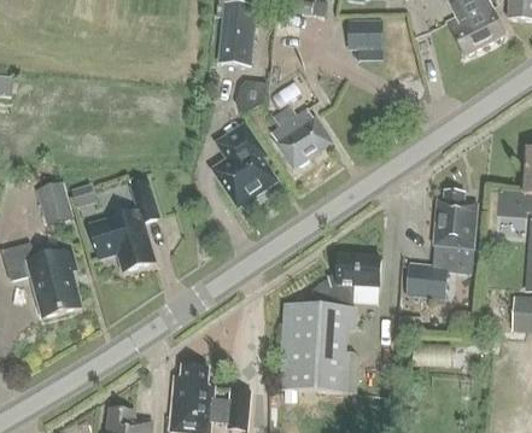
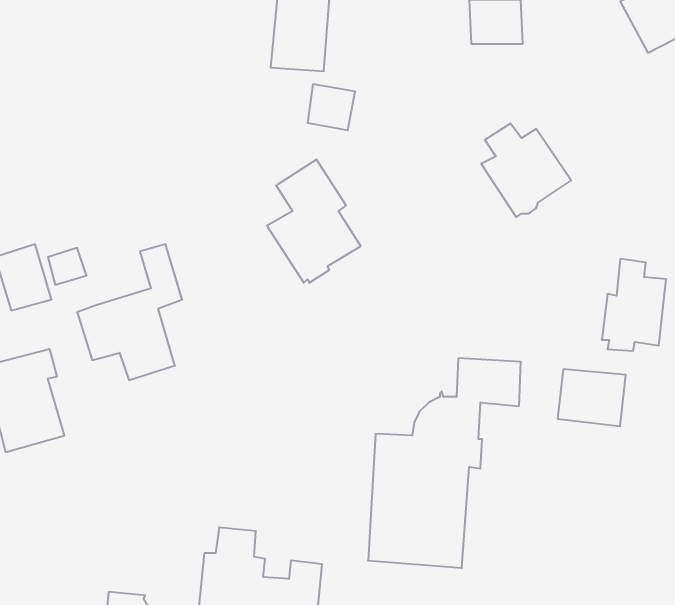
building: [270,104,329,165] -> [481,123,571,217]

